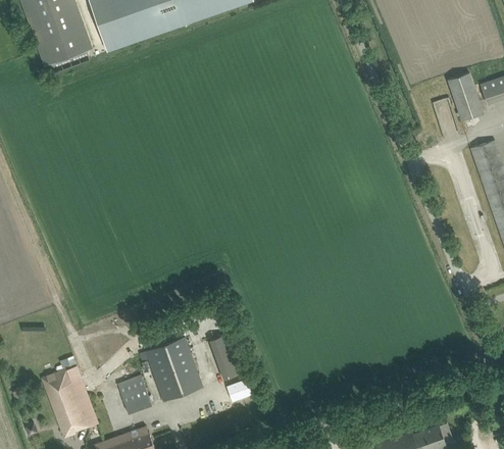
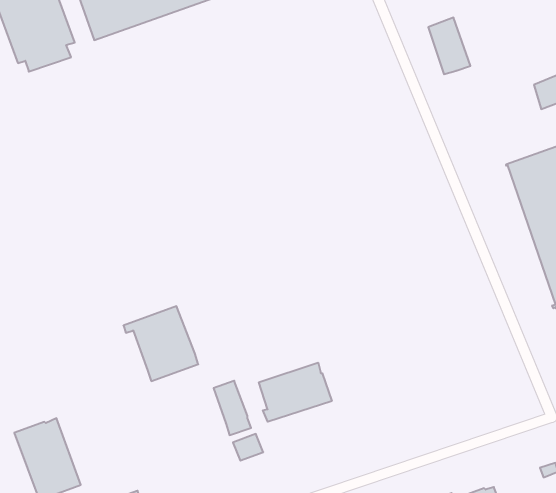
building: [448,72,484,120] -> [428,18,470,74]
building: none -> [259,363,332,422]
building: [140,338,203,401] -> [123,306,198,381]
building: [117,376,152,413] -> none

